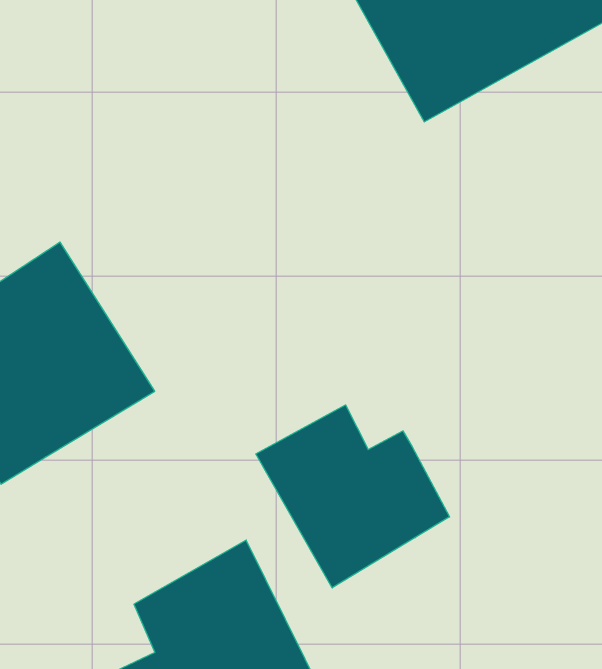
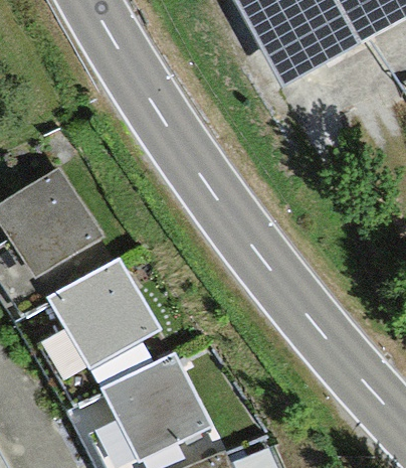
building: none -> [40,259,174,410]
building: [256,405,450,588] -> none

